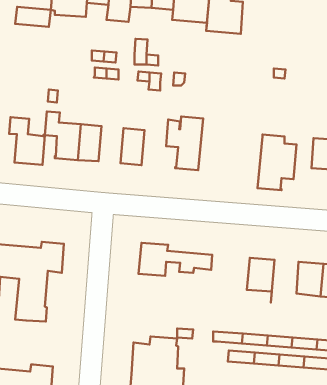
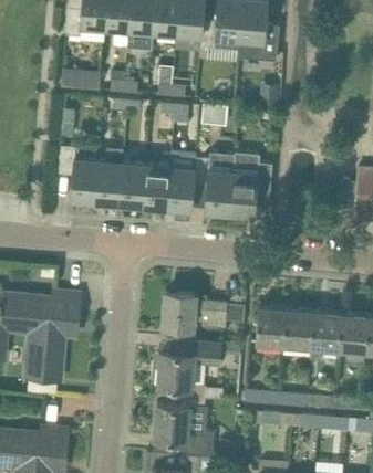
building: [15,7,51,27] -> [61,69,101,91]
building: [9,117,45,165] -> none
building: none -> [118,164,146,204]
building: none -> [166,168,195,209]
building: [258,134,296,190] -> [229,153,272,214]
building: none -> [256,307,287,345]
building: none -> [310,312,341,360]
building: none -> [152,340,241,389]

